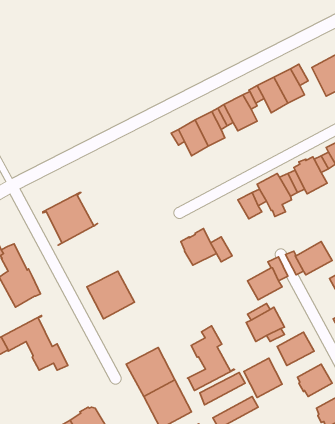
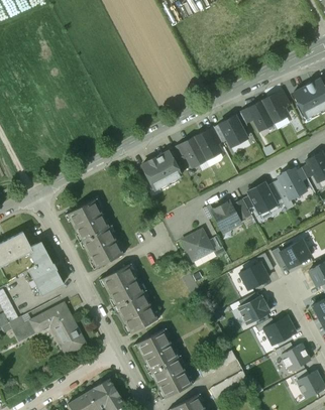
building: none -> [141,151,181,189]
building: none -> [211,201,240,233]
building: none -> [78,225,125,269]
building: none -> [116,291,156,332]
building: [188,326,234,390] -> none
building: [244,358,282,397] -> none

